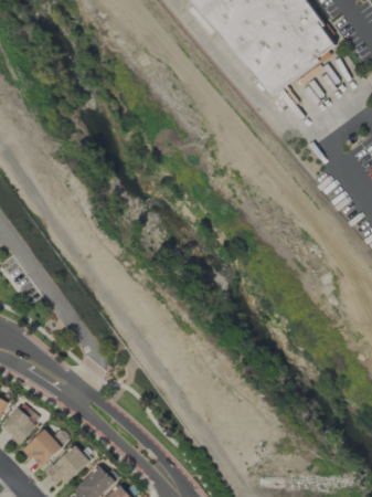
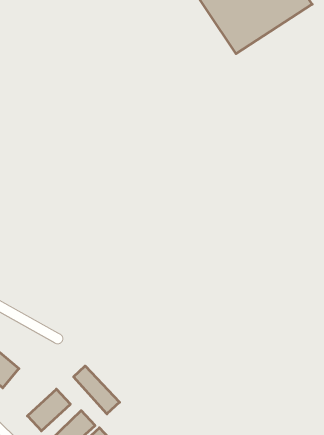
building: none -> [74,366,120,414]
building: [22,427,62,467] -> none

